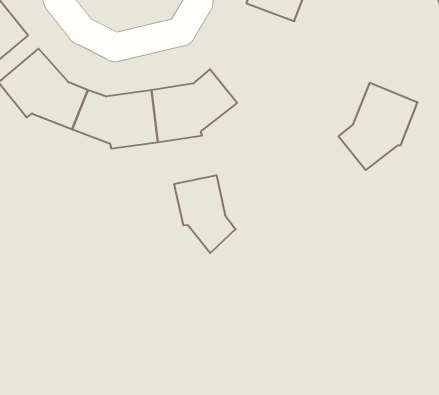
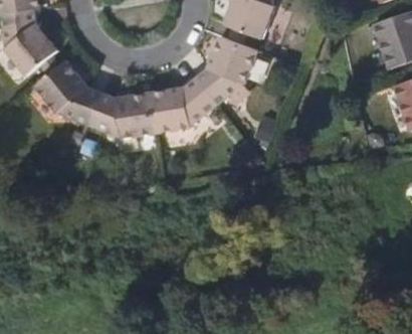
building: [338,83,418,170] -> [196,35,257,103]
building: [174,175,236,253] -> none

